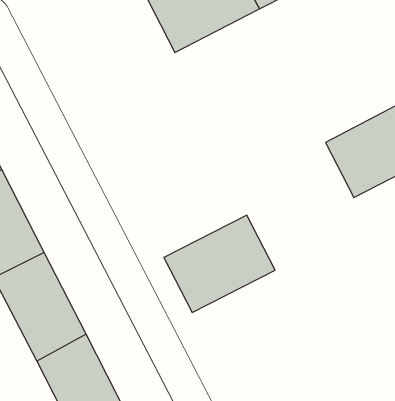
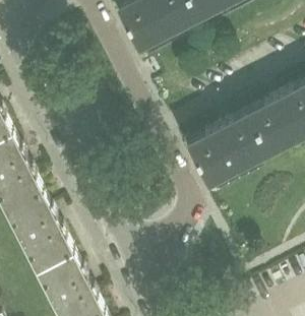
building: [164,215,275,312] -> [184,110,264,180]

